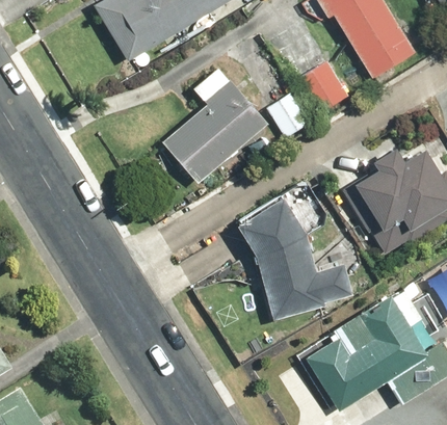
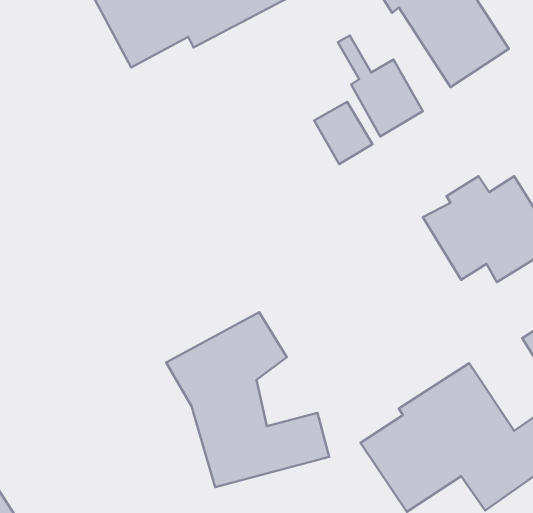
building: [163,67,267,184] -> none
building: [234,182,362,319] -> [166,312,329,487]

